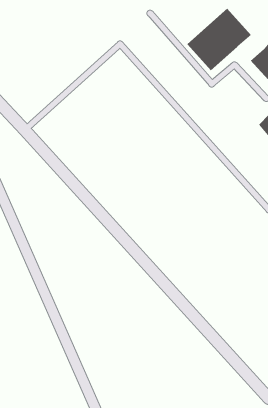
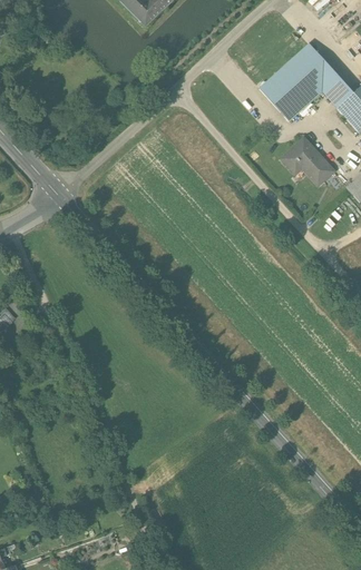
building: none -> [322,76,353,107]
building: none -> [281,137,334,185]

